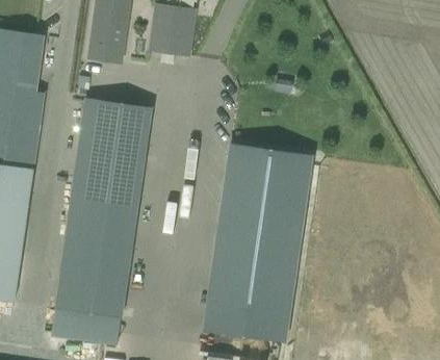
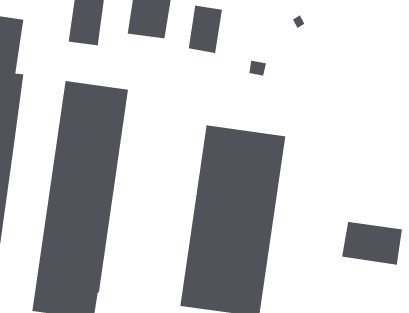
building: none -> [188,5,222,54]
building: none -> [341,221,403,265]

